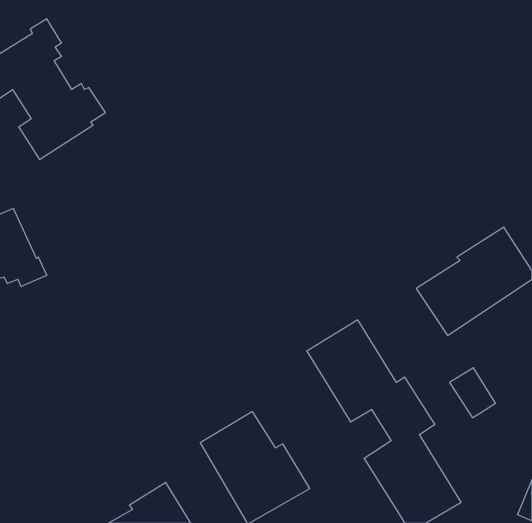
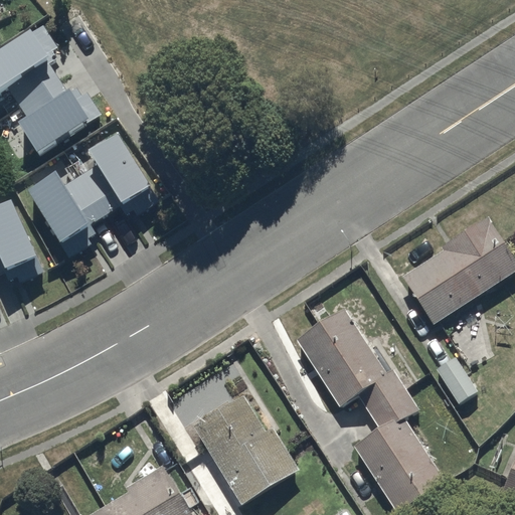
building: none -> [29,136,160,251]

